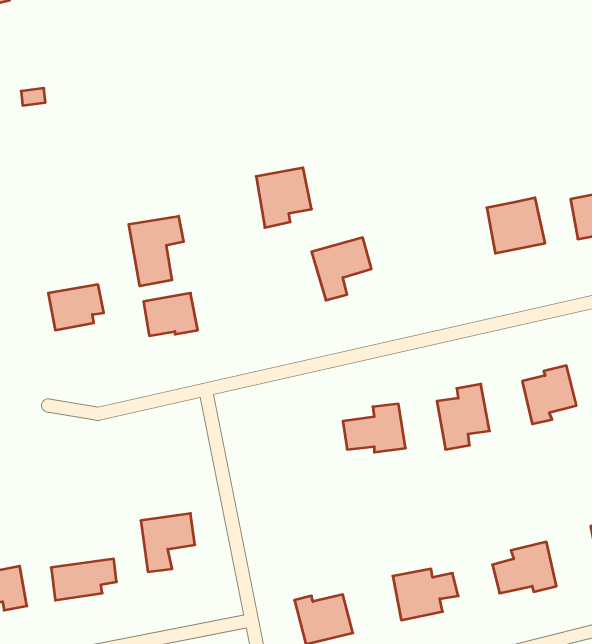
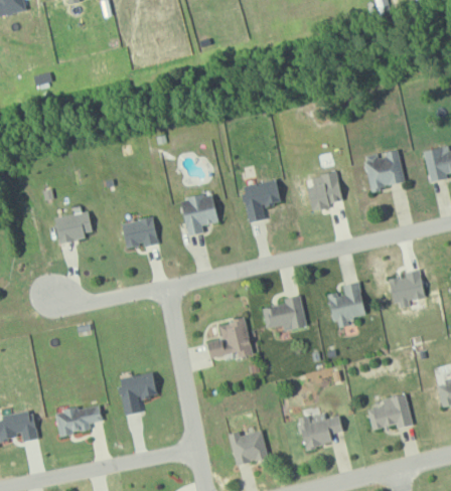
building: [256,168,312,228] -> [179,193,218,235]
building: [129,216,184,286] -> none
building: none -> [305,171,343,209]
building: none -> [205,319,252,358]

